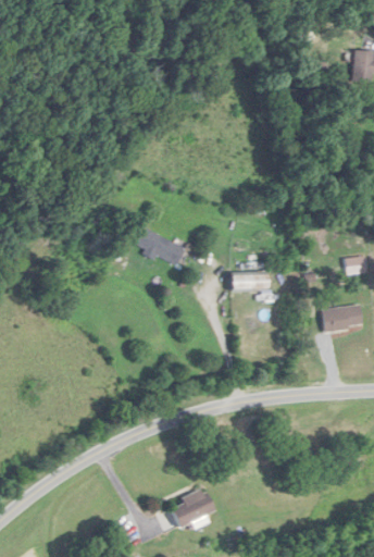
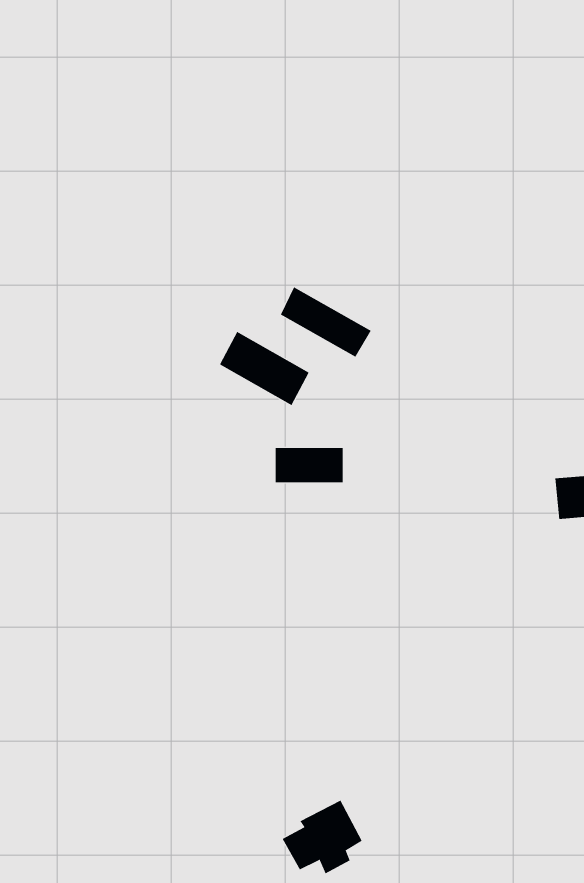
building: none -> [280,287,371,358]
building: [228,271,266,290] -> [275,448,343,483]

